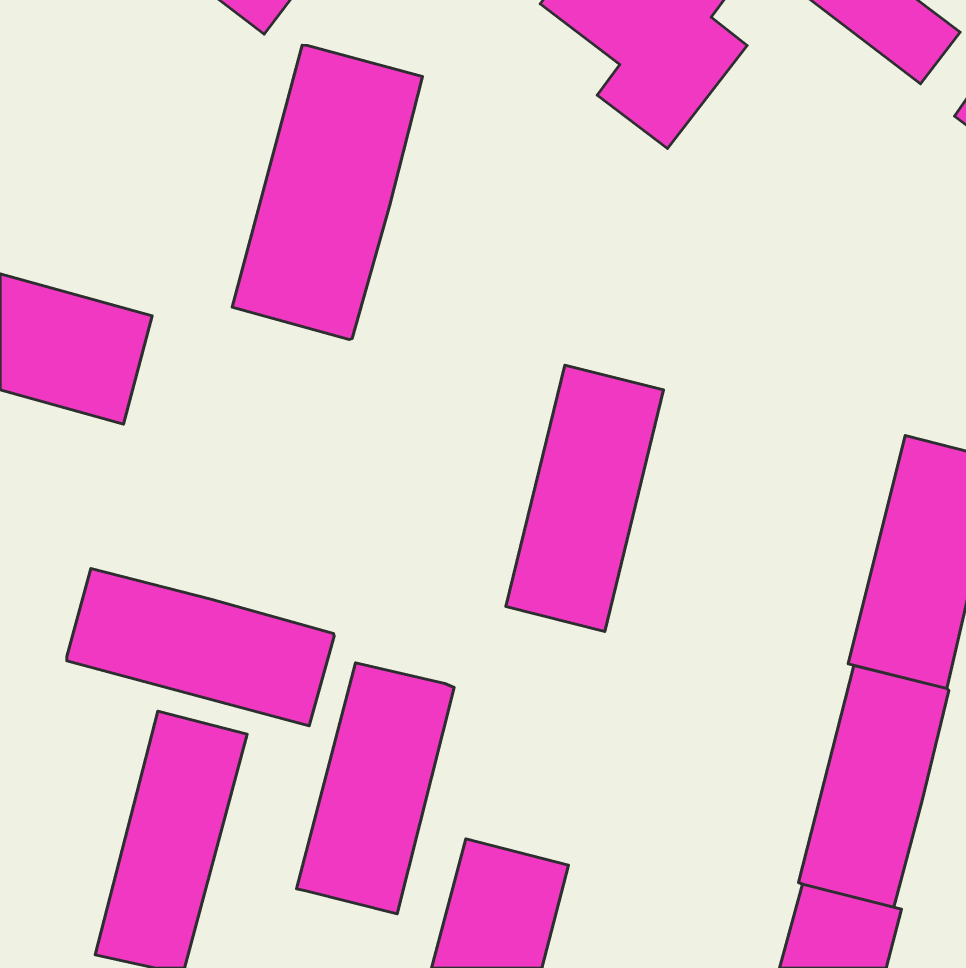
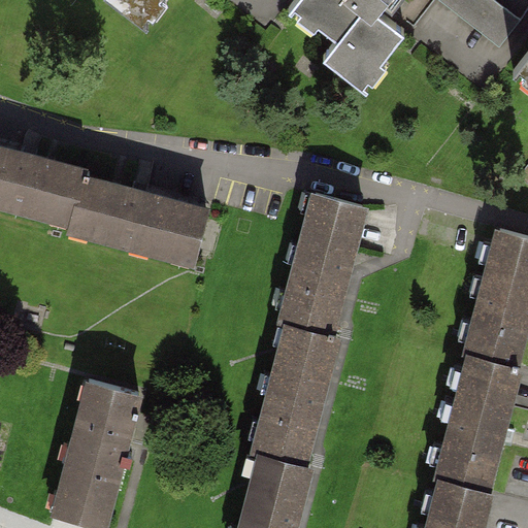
building: [232,45,422,339] -> none
building: none -> [69,177,207,268]
building: [67,569,334,726] -> none
building: [296,663,454,914] -> [251,331,336,467]

